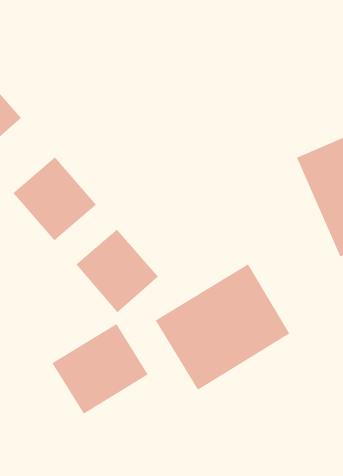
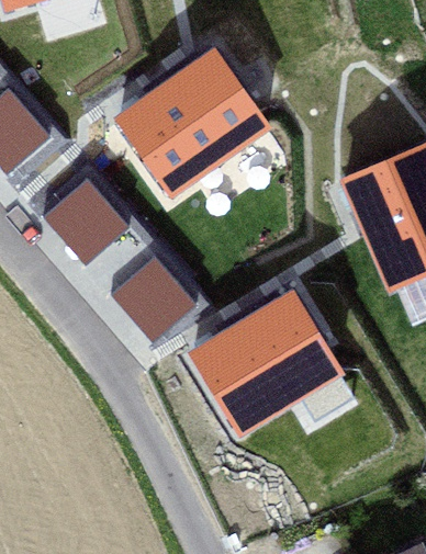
building: none -> [119,50,266,191]
building: [52,323,149,414] -> none

